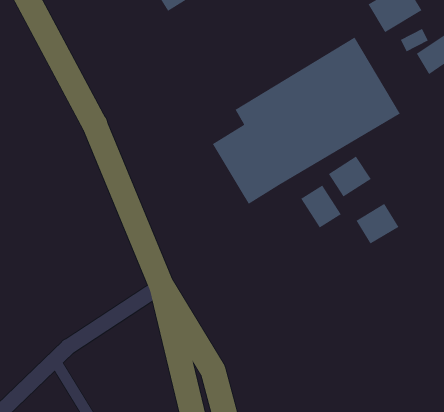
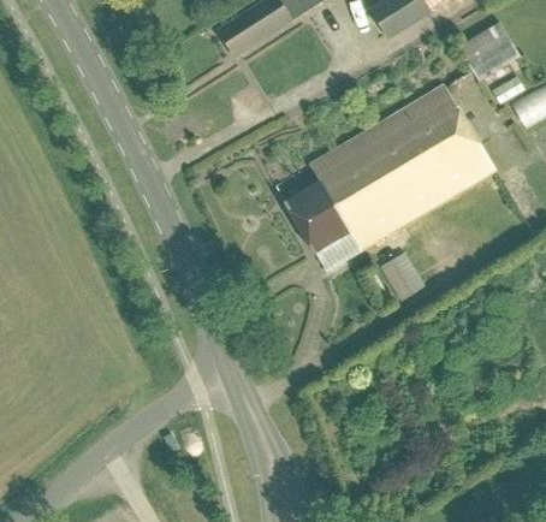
building: [328,155,372,197] -> none
building: [356,203,399,245] -> none

